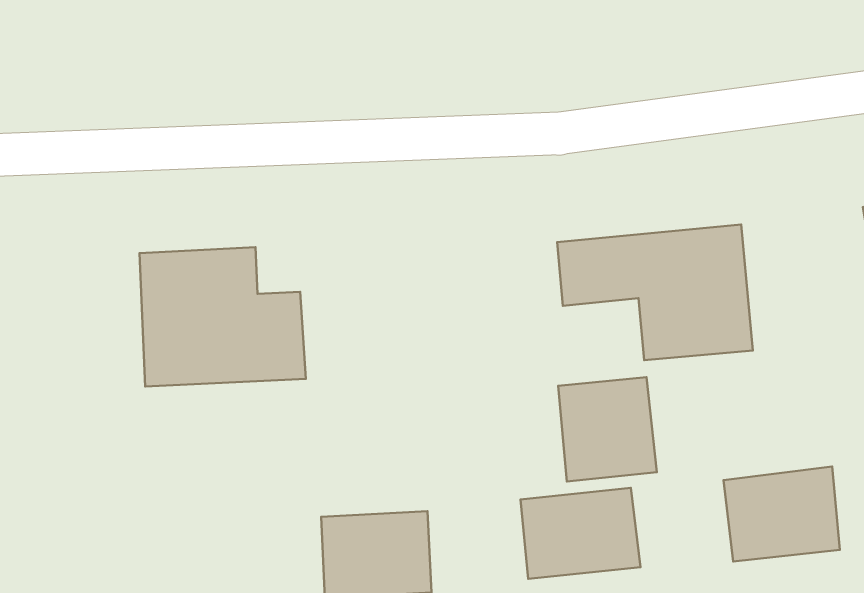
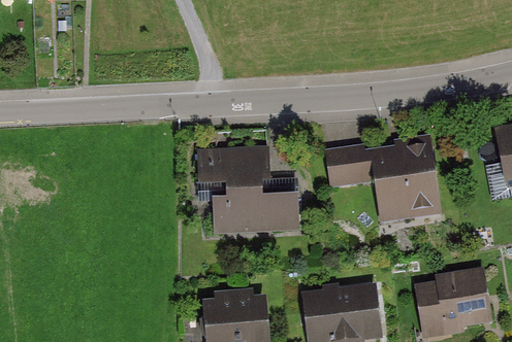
building: [139,247,306,387] -> [205,156,294,230]
building: [558,377,657,482] -> none

